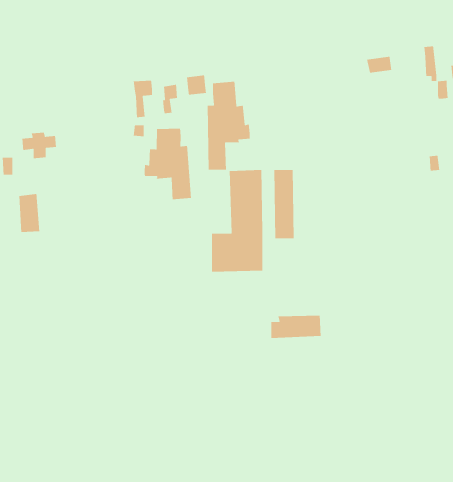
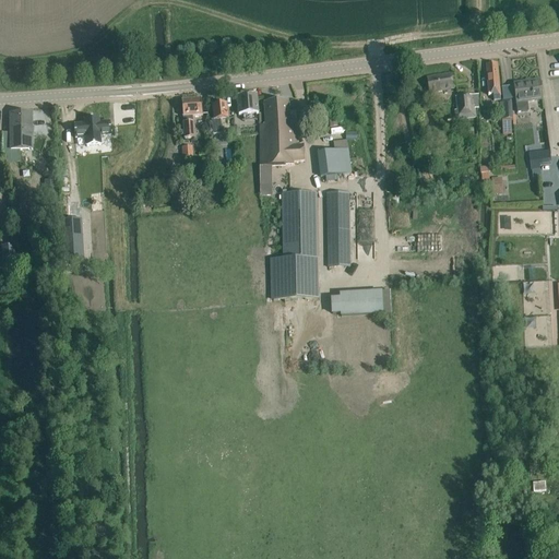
building: none -> [455,92,478,117]
building: none -> [318,146,355,175]
building: [144,128,192,200] -> none
building: [22,132,57,159] -> [74,116,111,144]
building: [270,315,321,339] -> [328,288,381,313]

